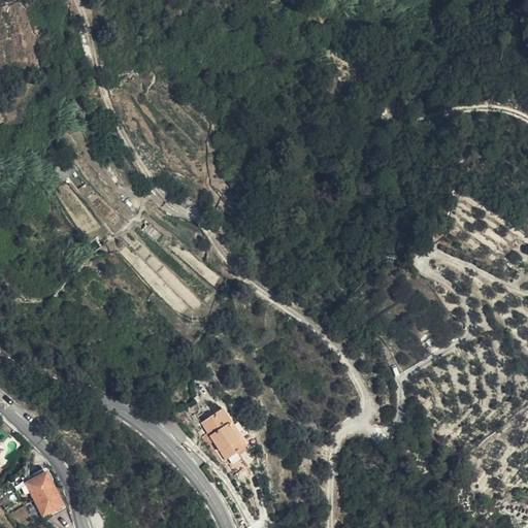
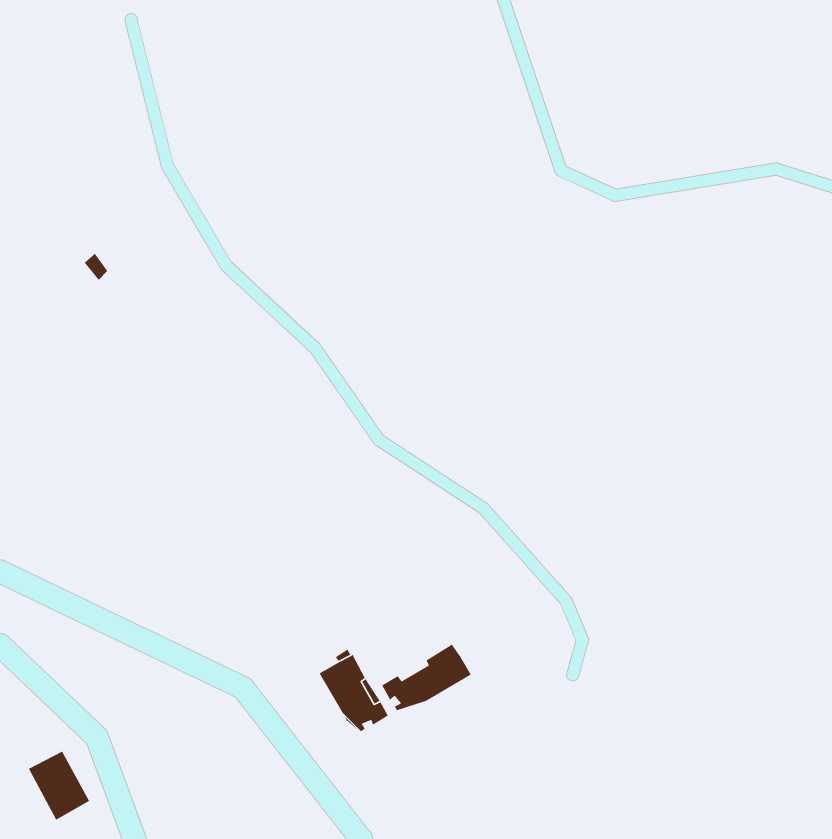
building: none -> [381,643,472,711]

